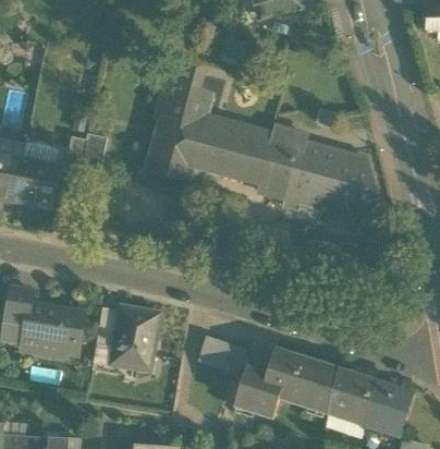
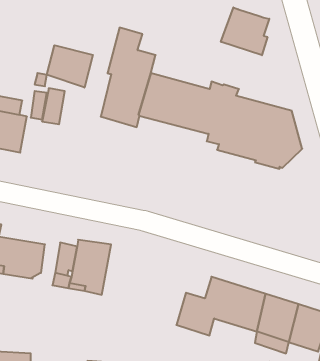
building: none -> [221,7,269,55]
building: none -> [47,45,93,88]
building: [199,335,247,372] -> none

